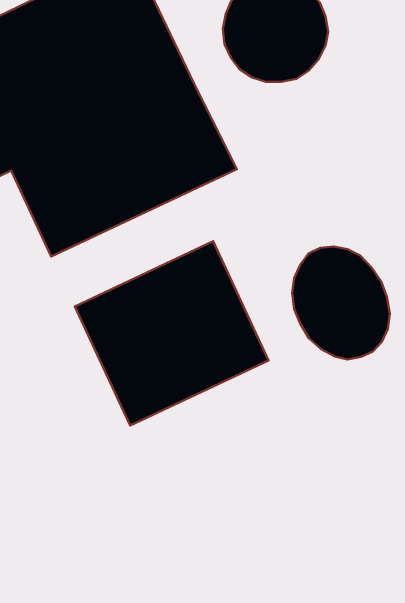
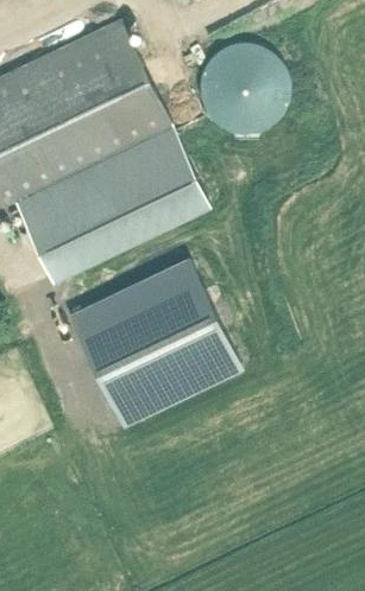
building: [292,246,390,360] -> none

